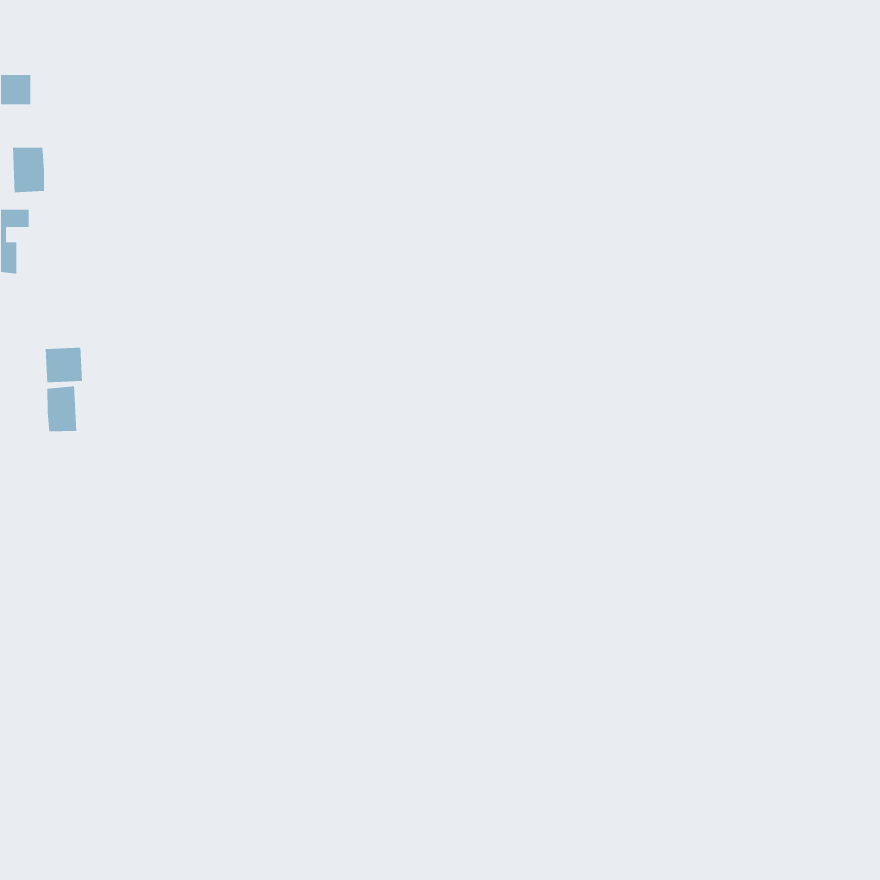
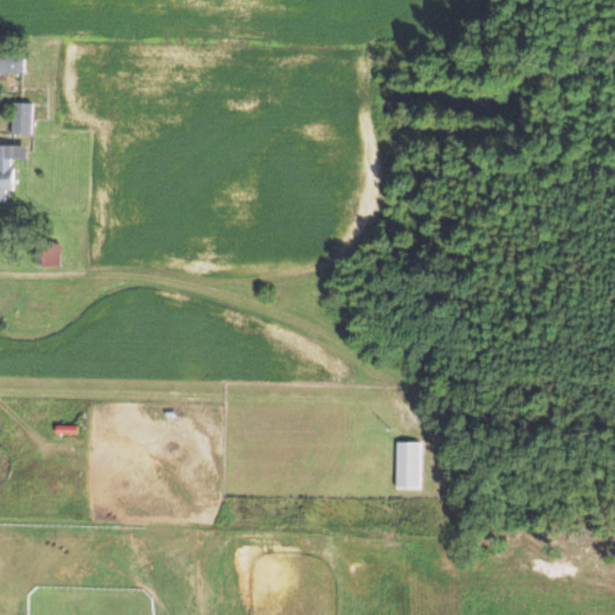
building: [46,386,77,432] -> none
building: none -> [393,442,420,490]

